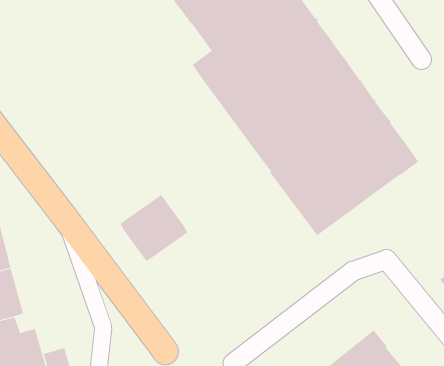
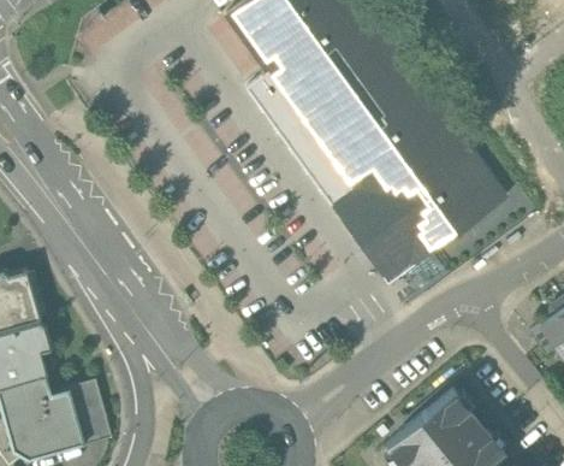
building: [120,194,188,262] -> none
building: none -> [70,379,103,415]

